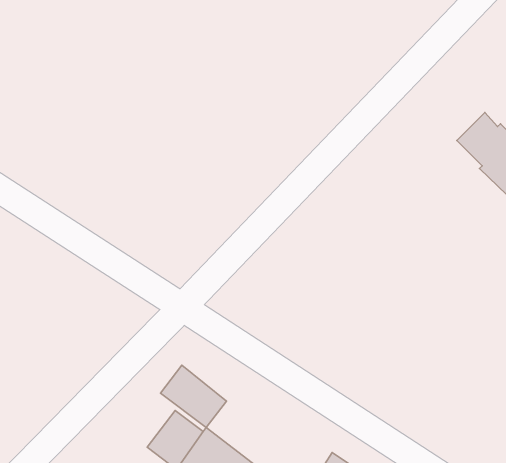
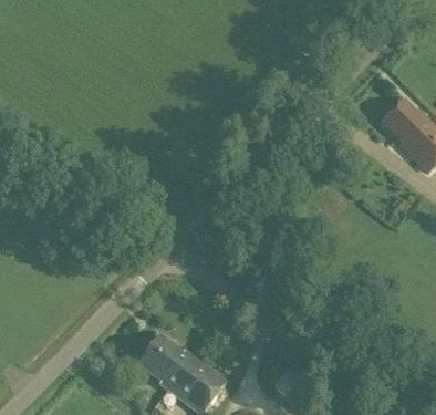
building: [160,365,226,427] -> none

